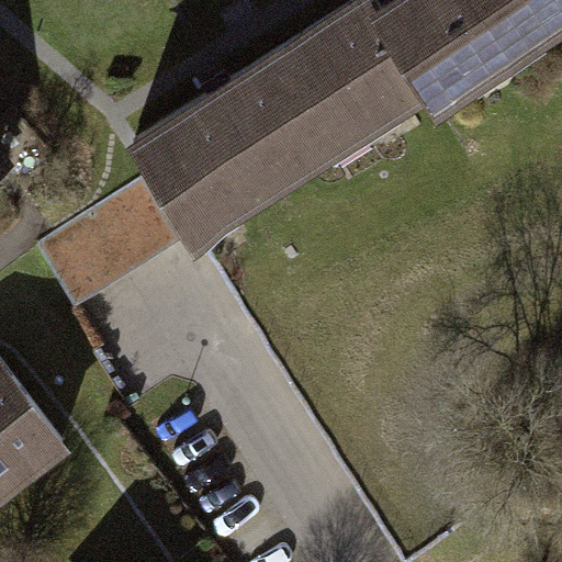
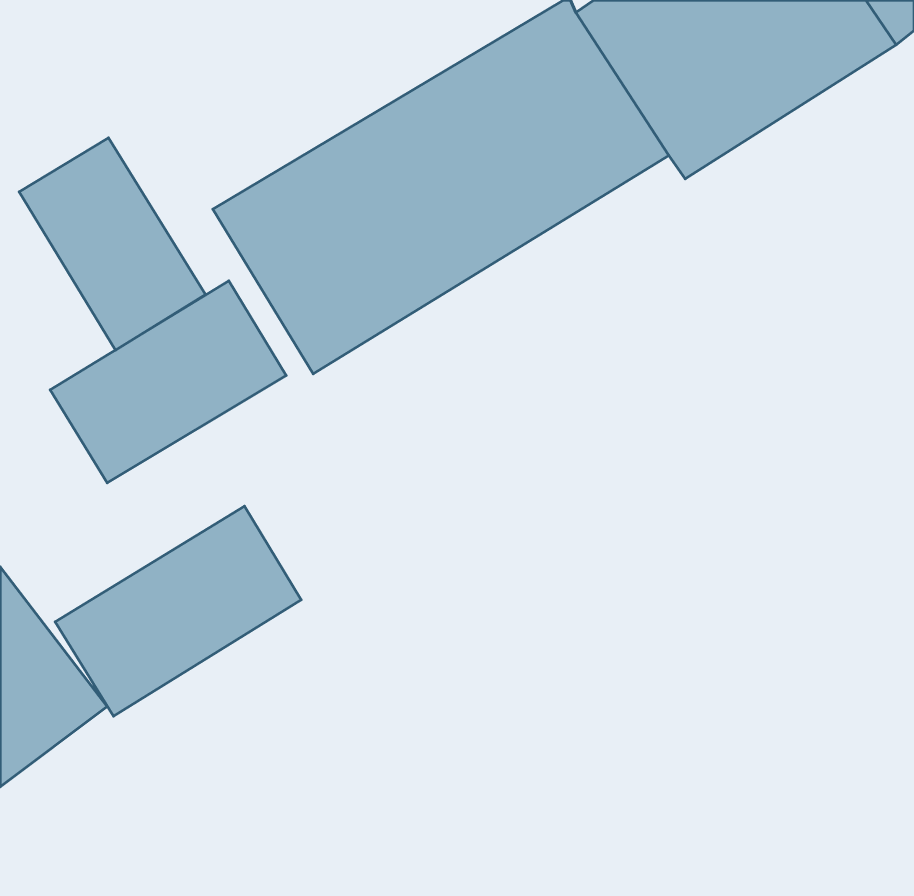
building: none -> [19,138,206,350]
building: none -> [55,506,301,716]

